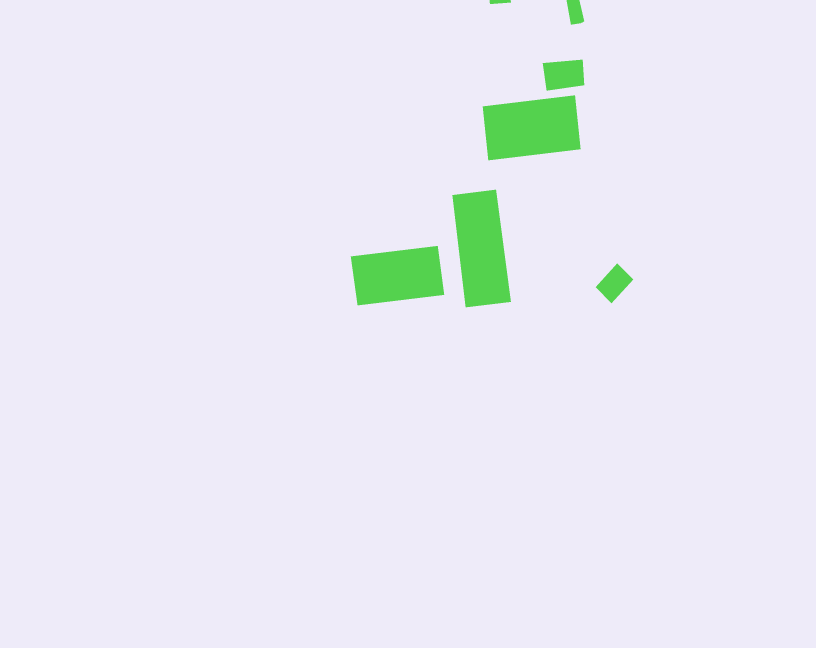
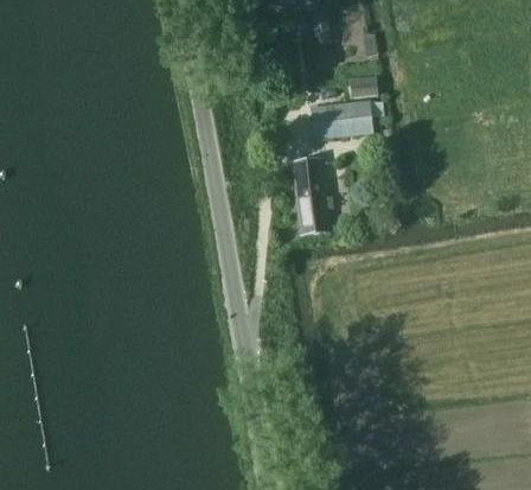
building: [350,245,445,306] -> none

